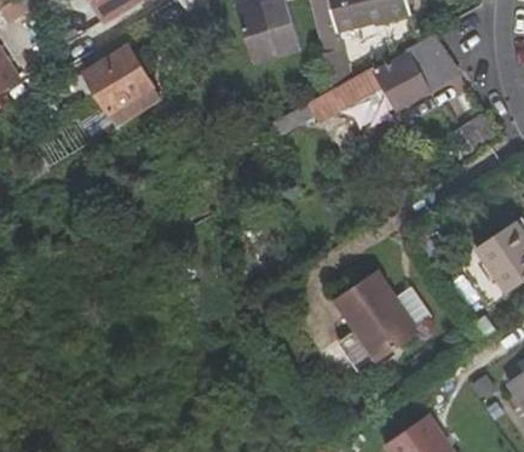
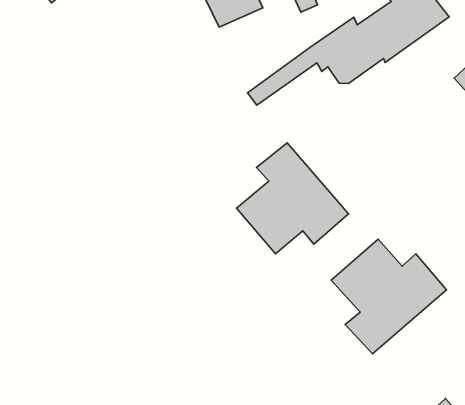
building: [85,48,154,116] -> none
building: none -> [237,143,349,254]

